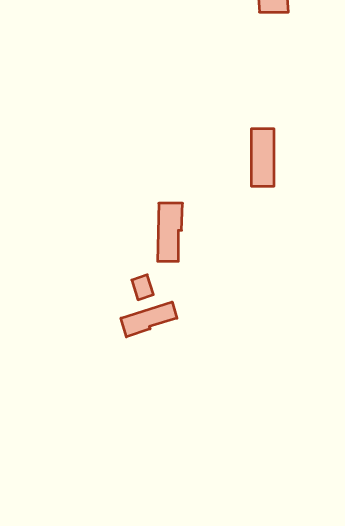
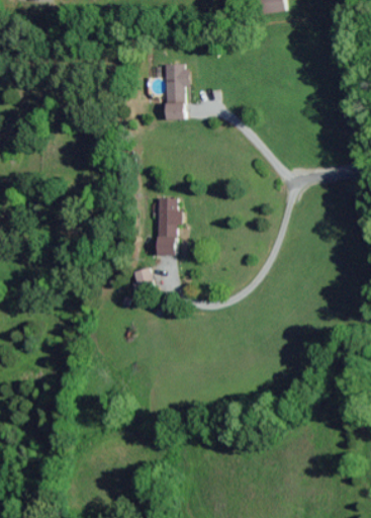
building: [251,129,274,186] -> [166,64,188,119]
building: [121,302,177,337] -> none

